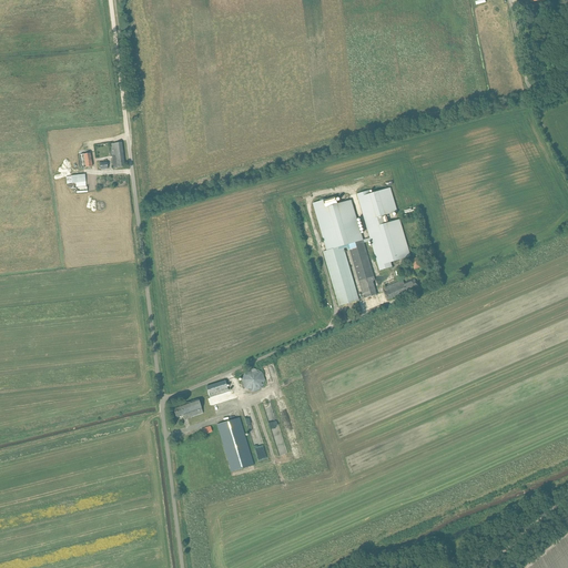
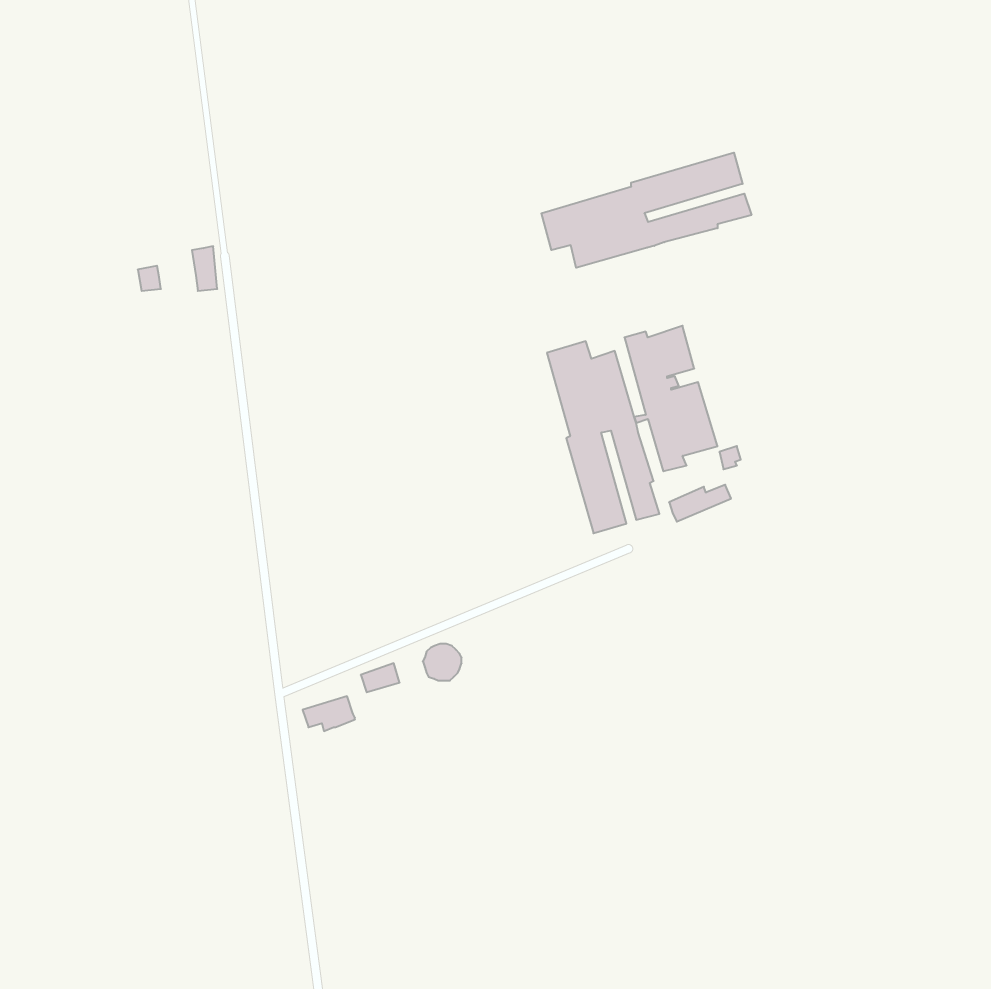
building: none -> [541,153,751,268]
building: [217,416,254,470] -> none

